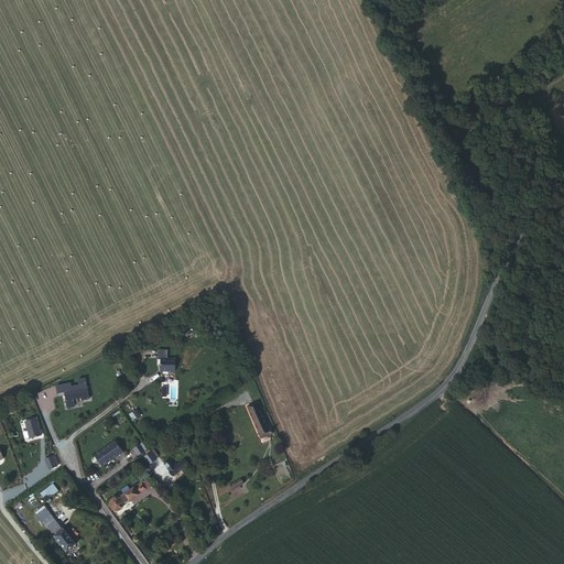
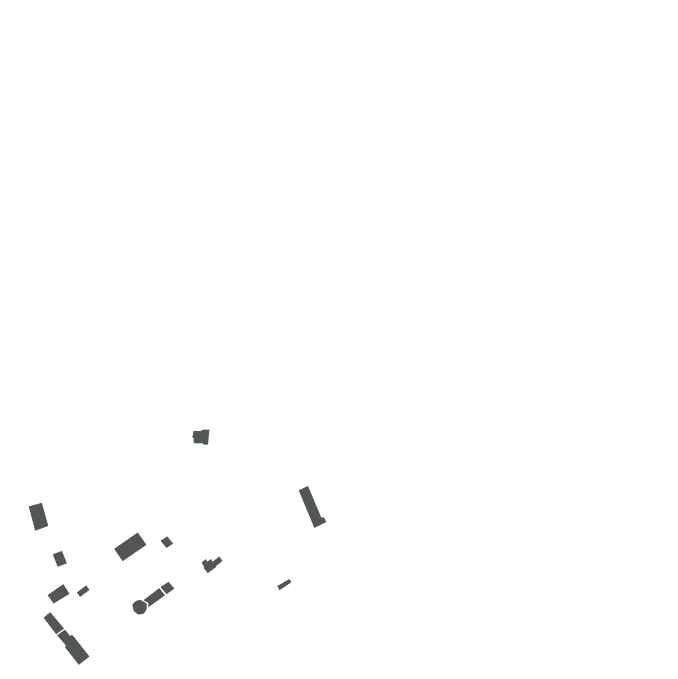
building: [54,379,88,409] -> none

